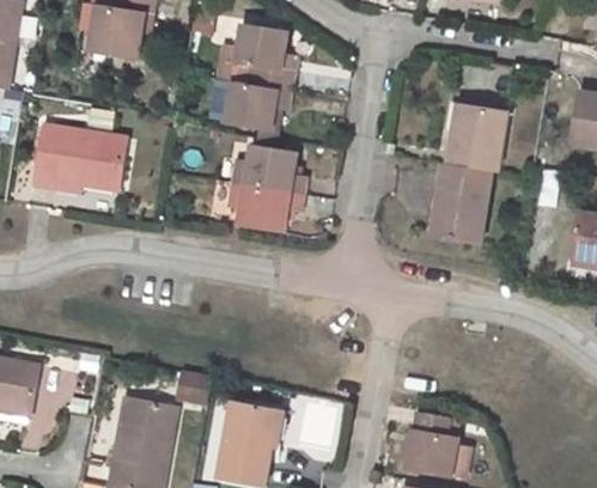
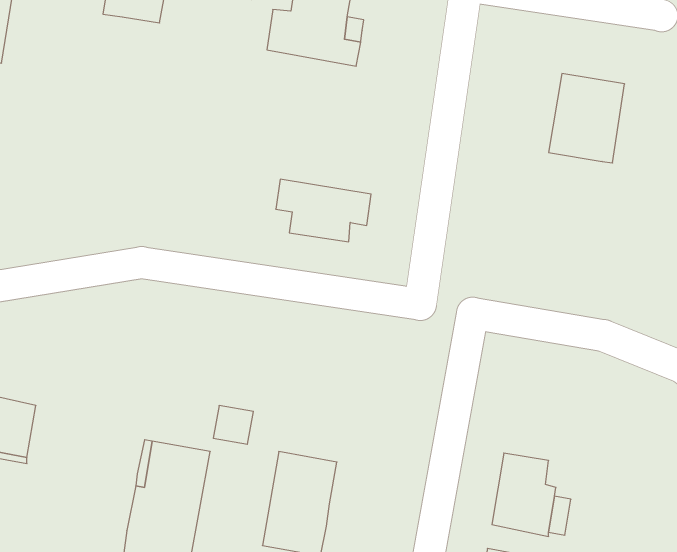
building: [218,80,293,133] -> none
building: [35,128,128,196] -> none
building: [232,146,309,196] -> none
building: [432,161,491,242] -> none

